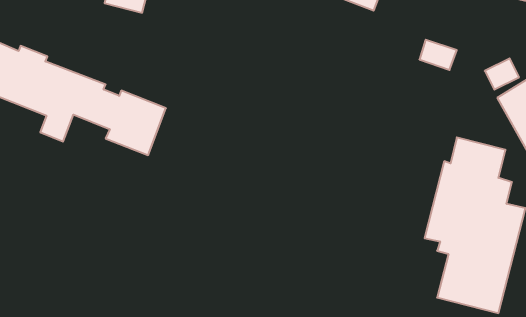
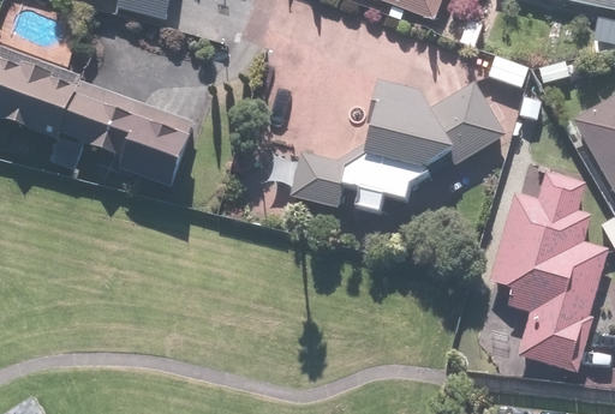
building: none -> [293,91,506,221]

